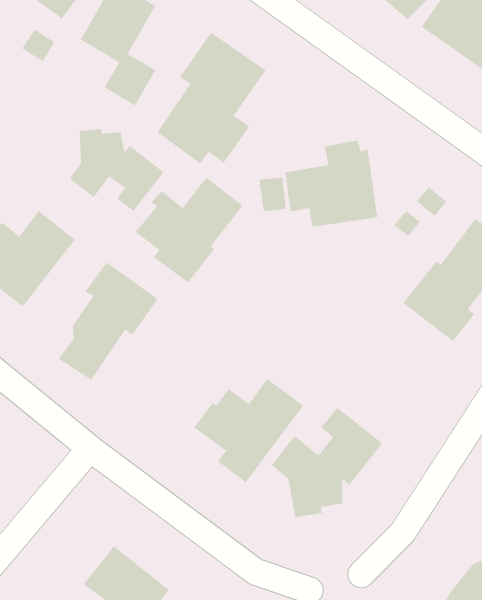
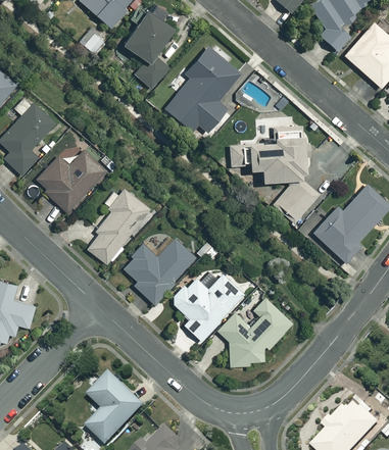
building: [69,128,164,212] -> none
building: [135,177,244,283] -> [123,237,195,305]
building: none -> [275,180,322,223]

